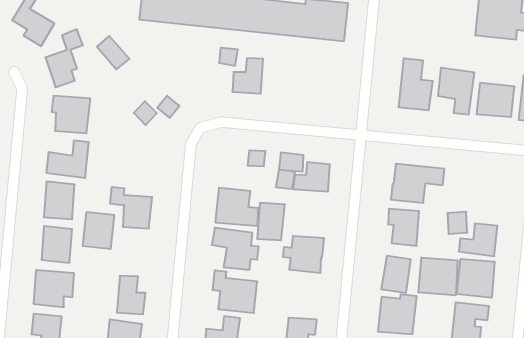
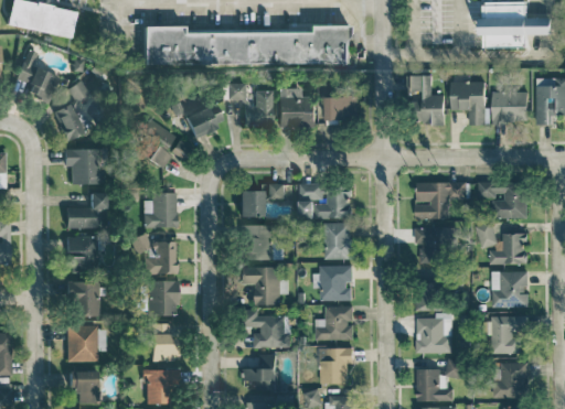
building: [97,36,130,69] -> [140,118,174,151]
building: none -> [278,88,315,128]
building: none -> [184,104,224,138]
building: none -> [324,96,358,119]
building: none -> [142,193,175,228]
building: none -> [238,191,263,217]
building: none -> [478,181,527,218]
building: [257,203,285,240] -> [324,222,350,259]
building: [83,212,114,249] -> [148,281,177,315]
building: [419,257,457,295] -> none
building: none -> [324,305,353,340]

